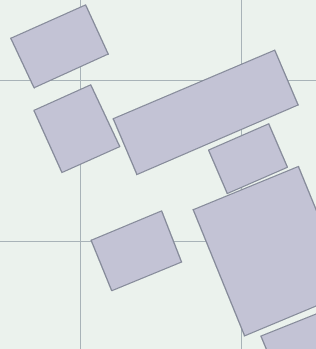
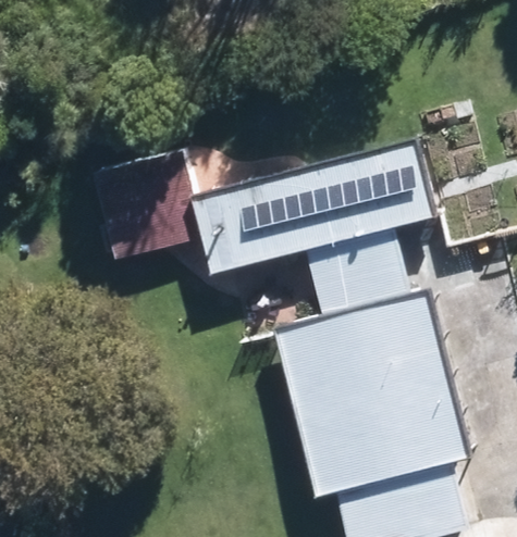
building: [11,5,108,88] -> none
building: [91,211,181,291] -> none

